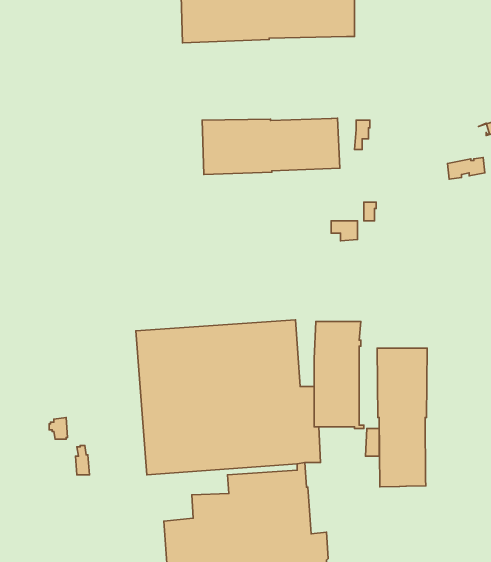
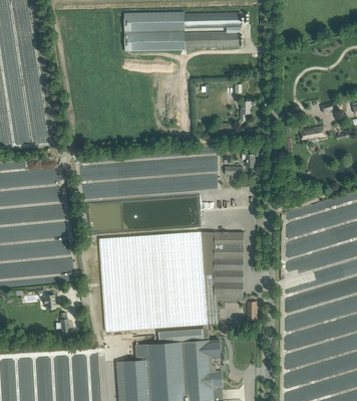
building: [202,118,340,175] -> none
building: [377,348,427,487] -> none

